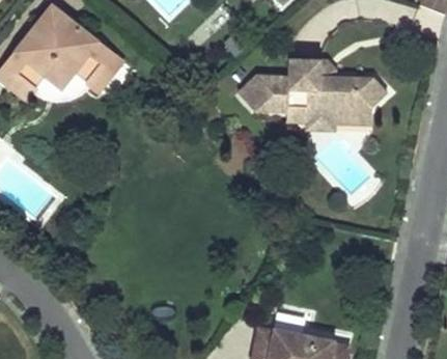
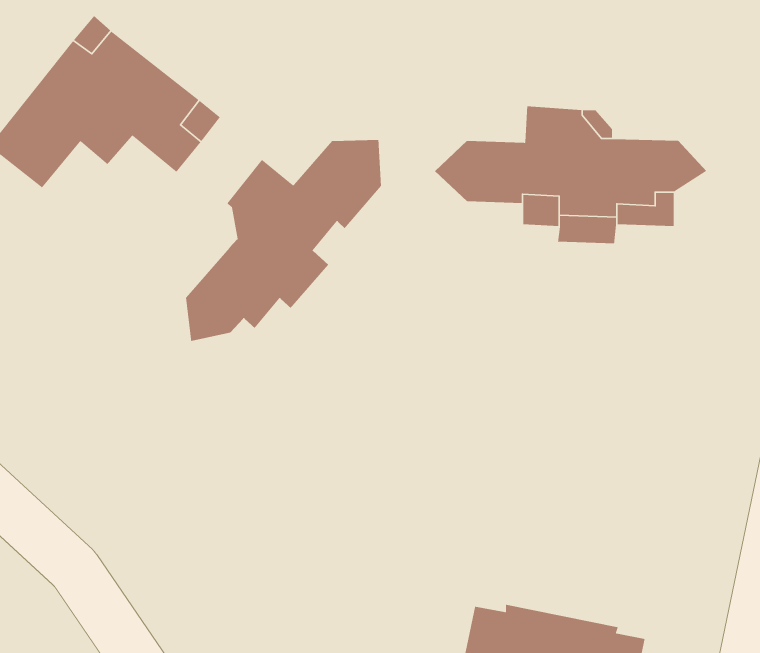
building: none -> [185,139,382,342]

